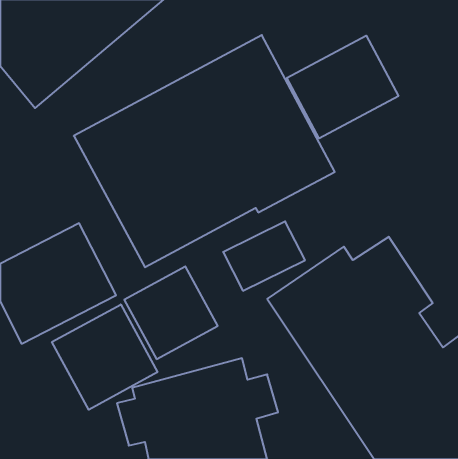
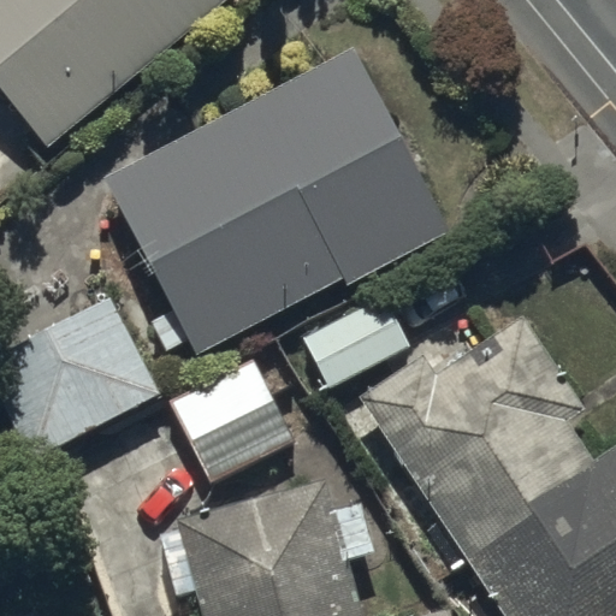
building: [287,36,398,138] -> none
building: [52,304,157,410] -> none

